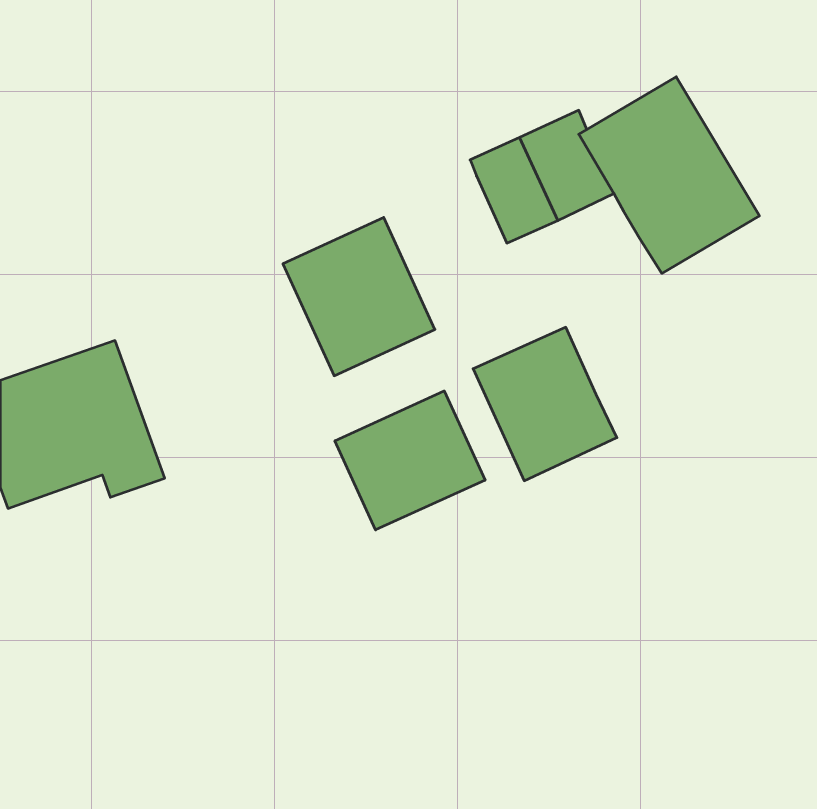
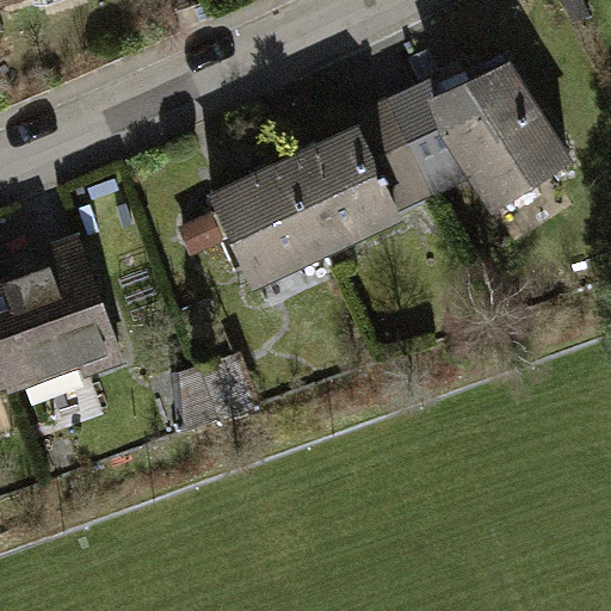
building: [473,327,617,481] -> [286,137,394,252]
building: [335,391,485,530] -> none

